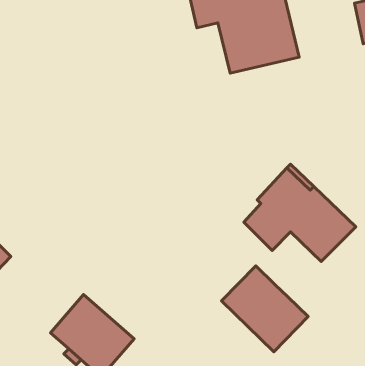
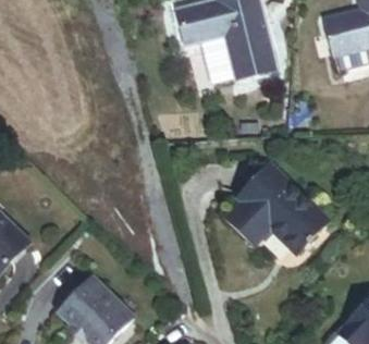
building: [221,266,308,352] -> none

